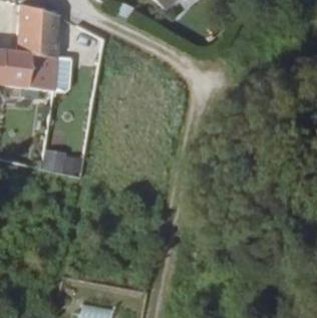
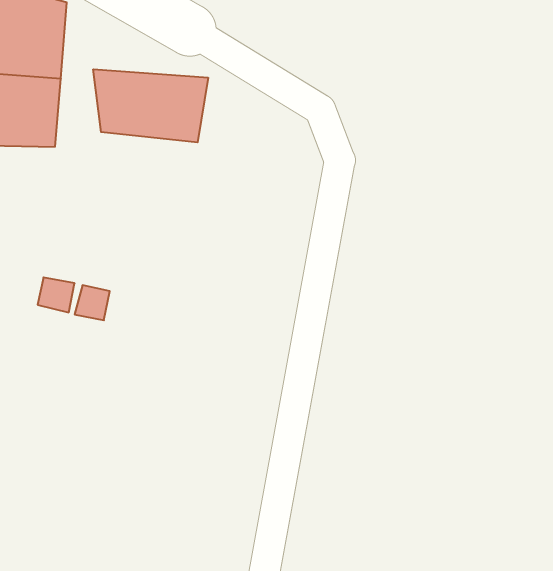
building: none -> [93,69,208,142]

